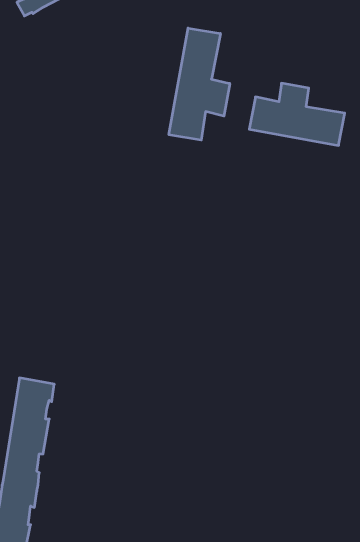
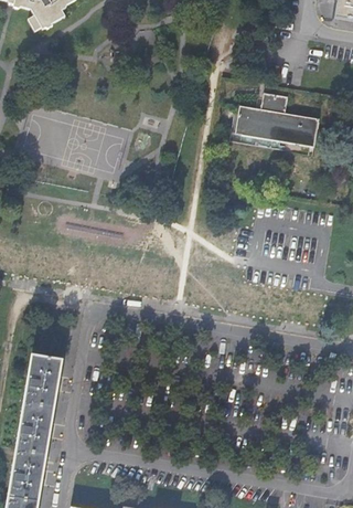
building: [169,28,230,140] -> none

